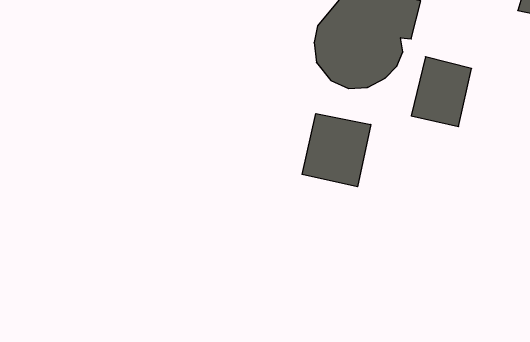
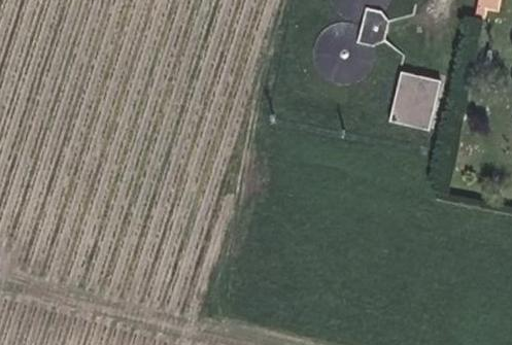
building: [302,114,371,187] -> none

